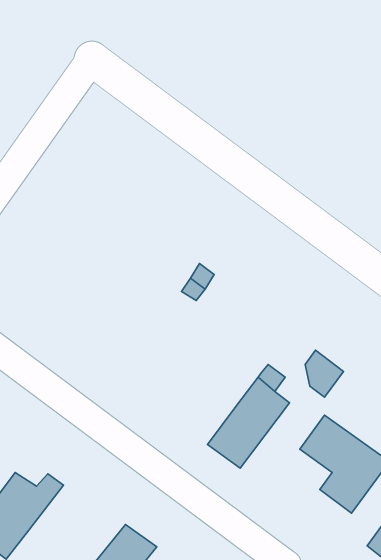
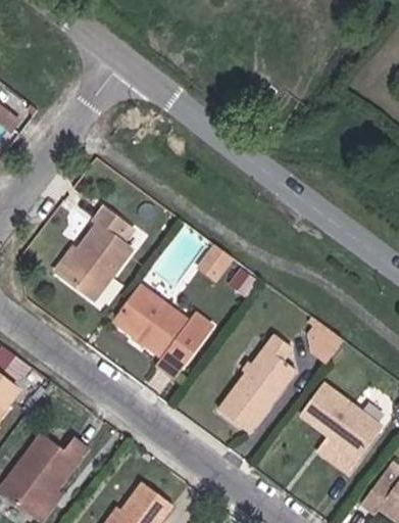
building: none -> [59,208,127,299]
building: none -> [117,288,209,374]

